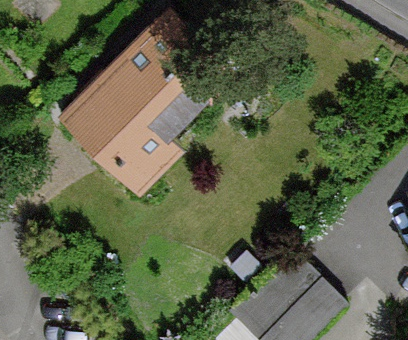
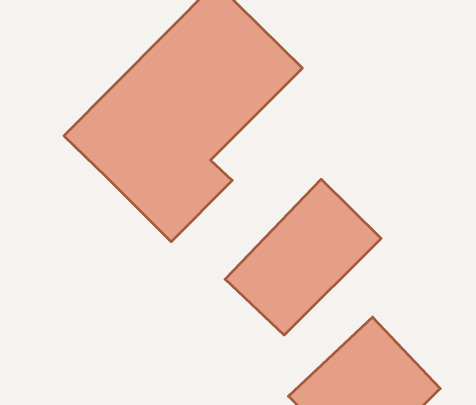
building: none -> [225,179,381,335]

